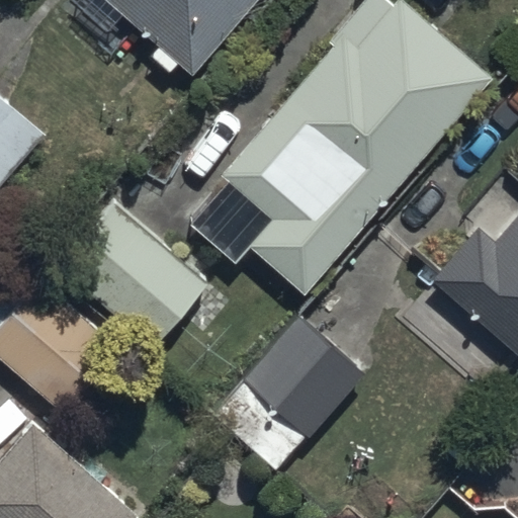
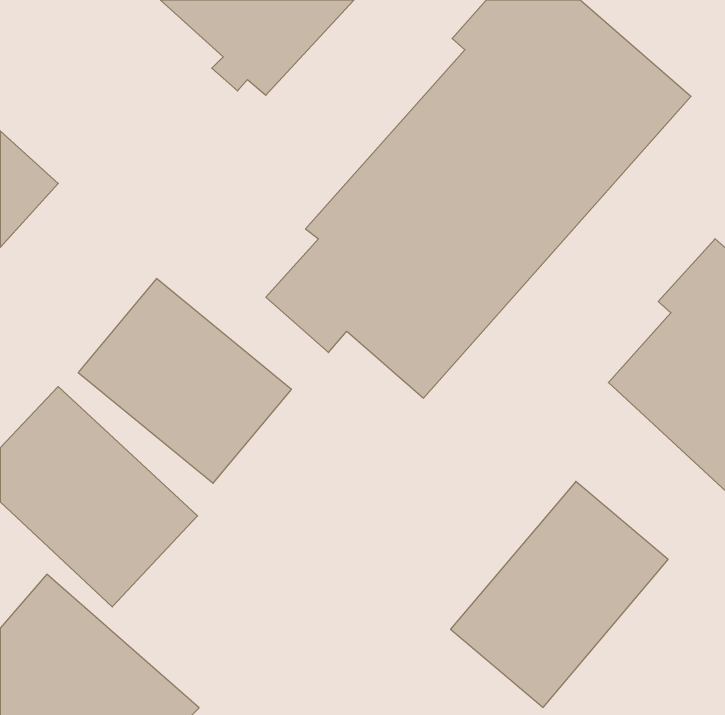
building: [208,317,363,478] -> [451,481,668,707]

